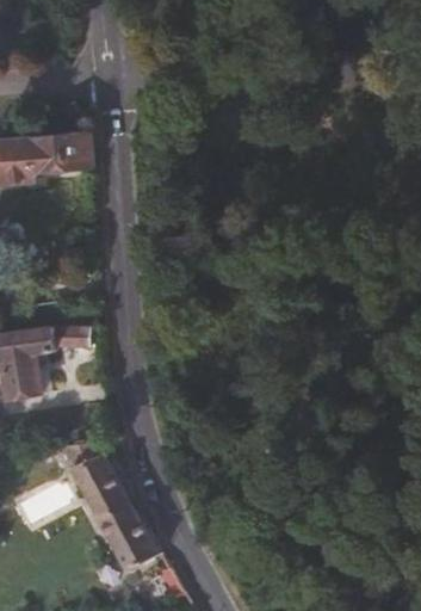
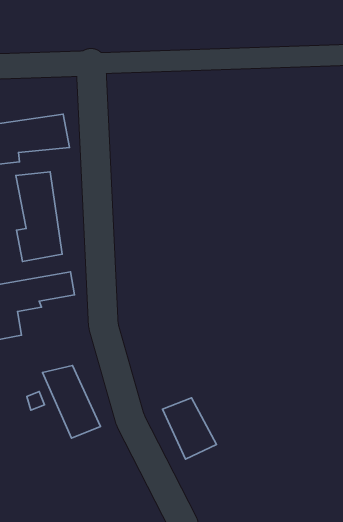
building: none -> [16,172,62,262]
building: [89,495,151,566] -> [163,398,217,459]

